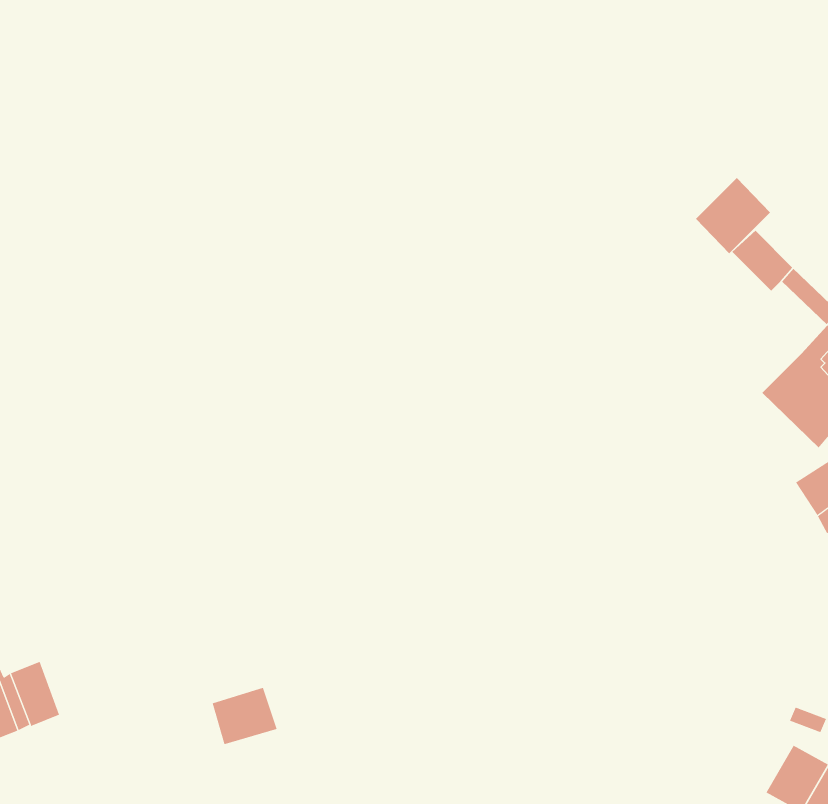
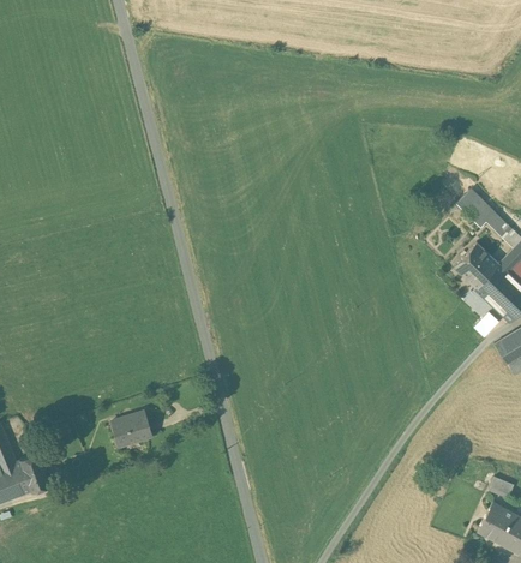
building: [695,177,771,254] -> none
building: none -> [453,242,497,289]
building: [212,687,277,745] -> [112,411,151,445]

